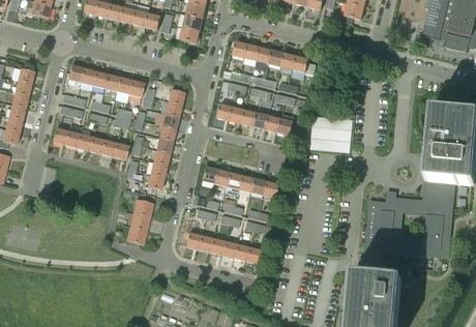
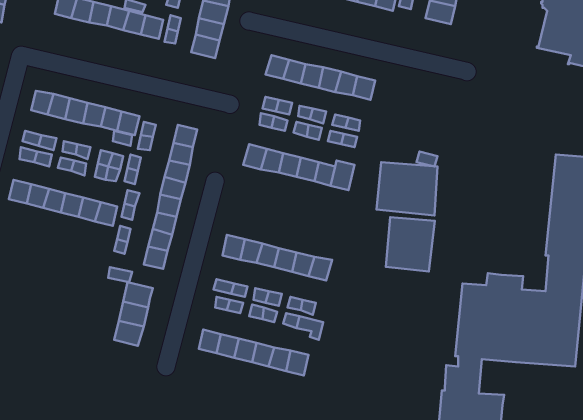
building: none -> [386,217,435,272]

